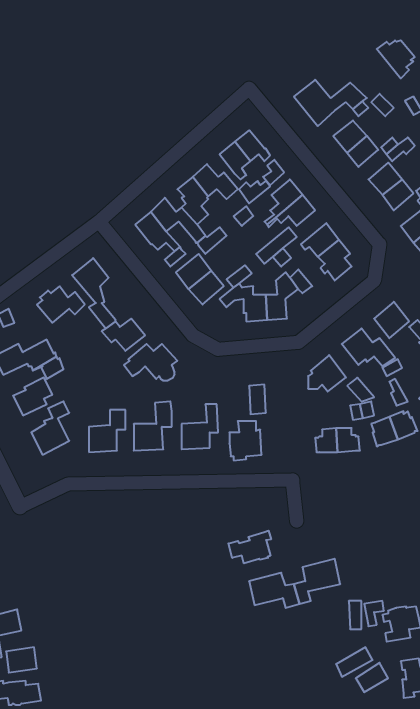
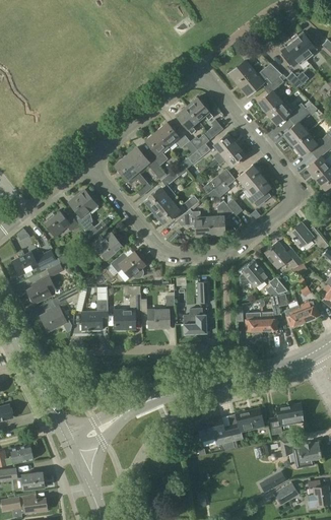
building: none -> [279,39,307,66]
building: [228,531,271,563] -> none
building: none -> [269,403,304,435]

